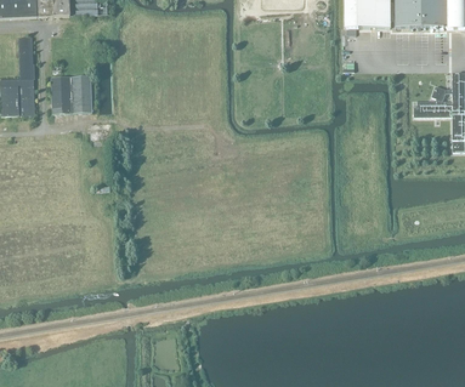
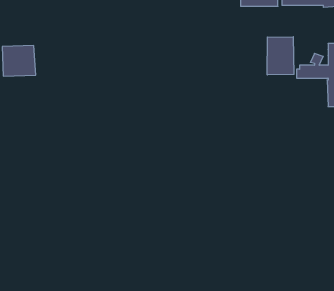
building: none -> [267,37,294,75]

